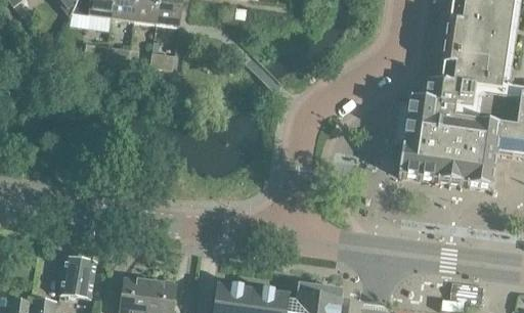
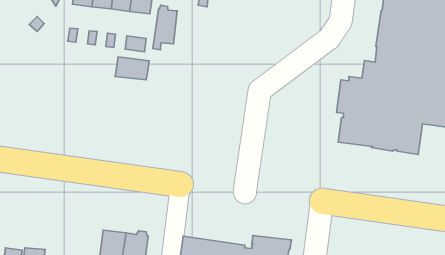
building: none -> [153,5,177,50]
building: none -> [115,57,149,80]
building: [60,258,96,299] -> none

